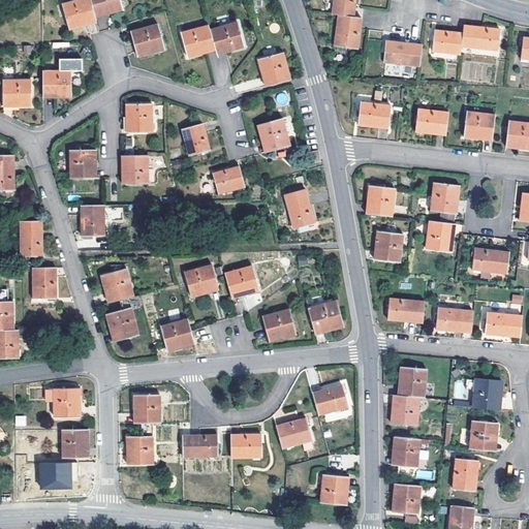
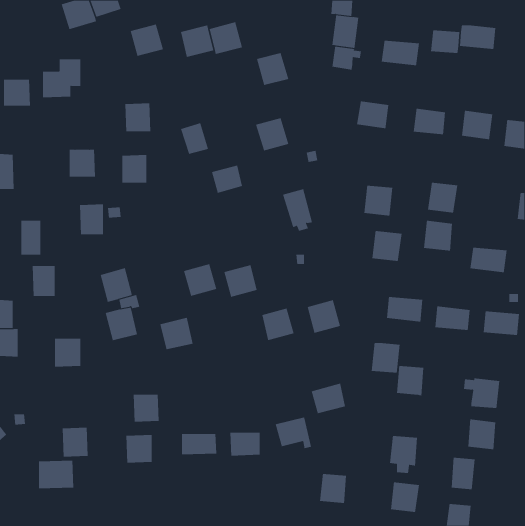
building: none -> [332,46,361,70]
building: [54,388,81,417] -> [54,338,81,367]
building: [390,395,419,426] -> [371,342,401,373]

